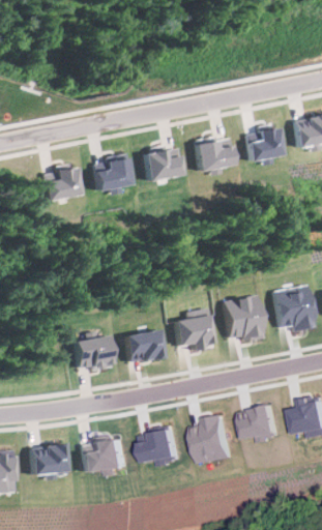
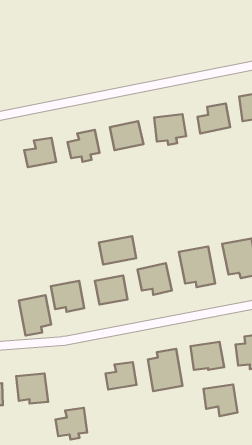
building: none -> [99,236,136,264]
building: none -> [19,295,51,335]
building: [86,439,123,476] -> [55,408,87,440]
building: none -> [204,384,238,416]

